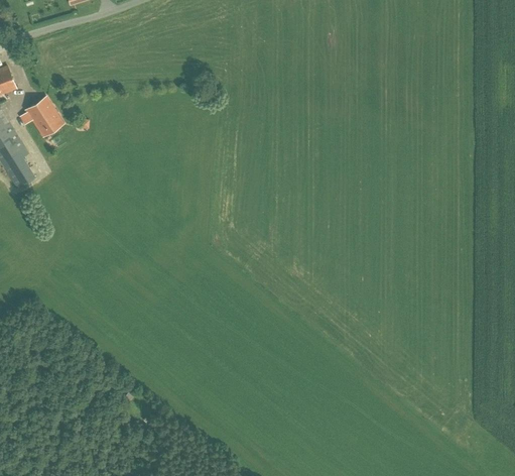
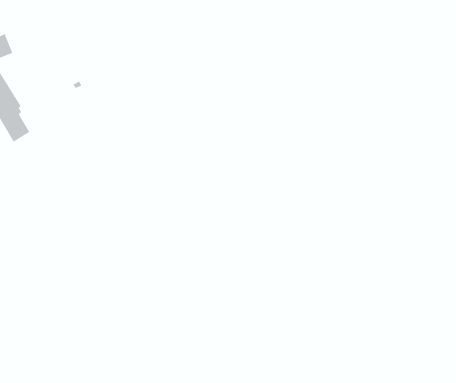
building: [18,98,61,137] -> none

